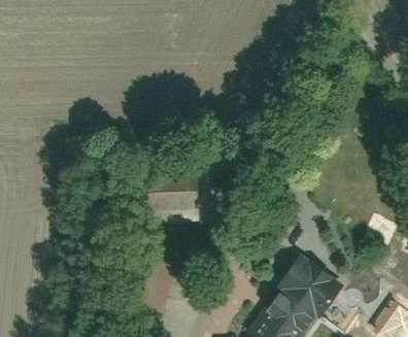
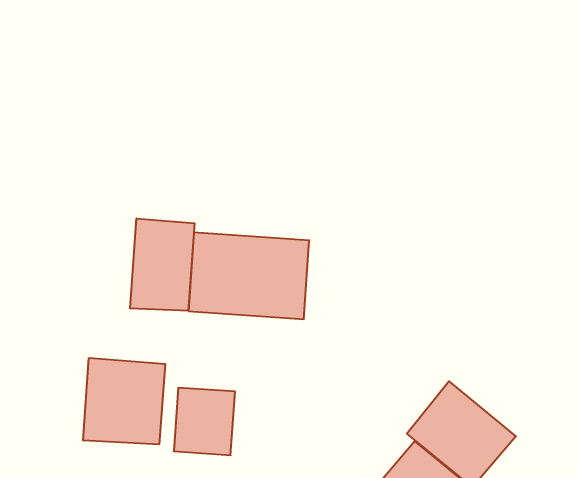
building: none -> [130,218,195,311]
building: none -> [83,358,165,444]

